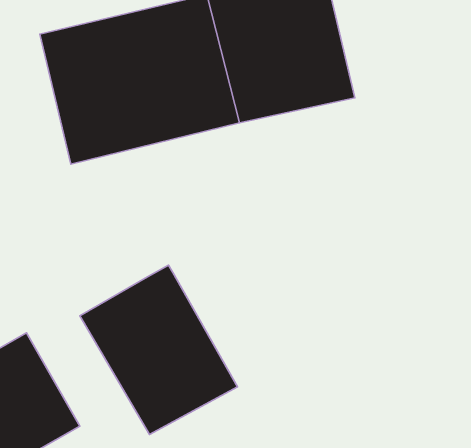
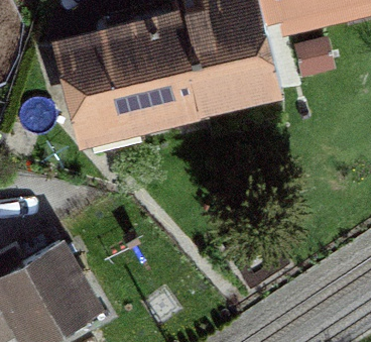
building: [80,265,237,434] -> none

